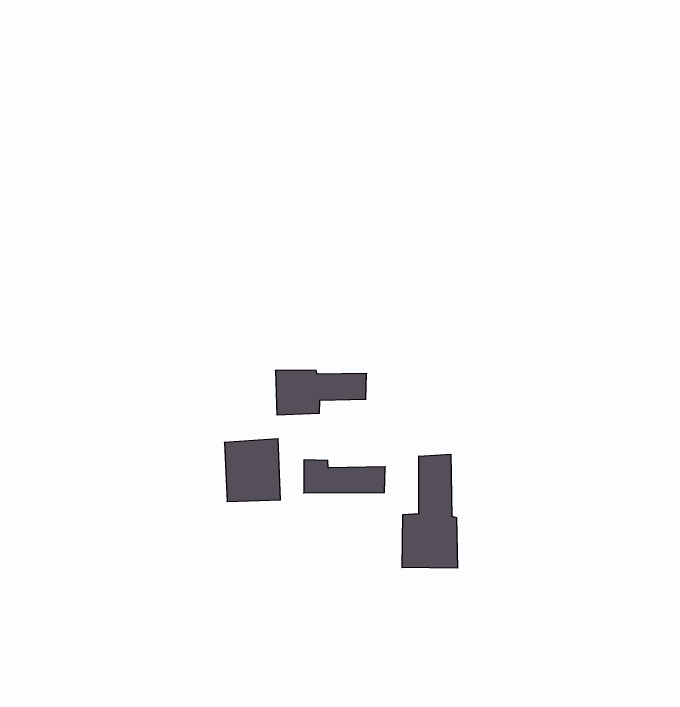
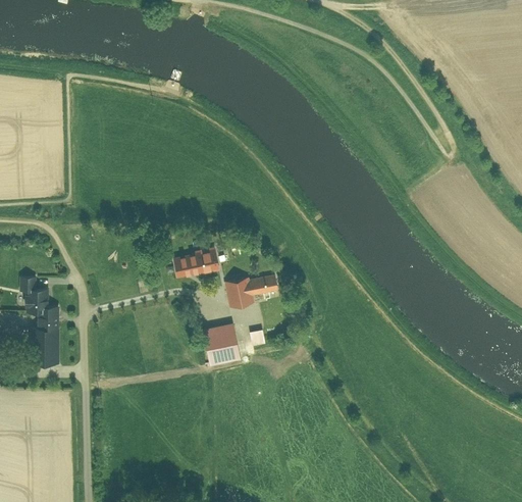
building: none -> [173,249,219,278]
building: [402,454,458,568] -> none

